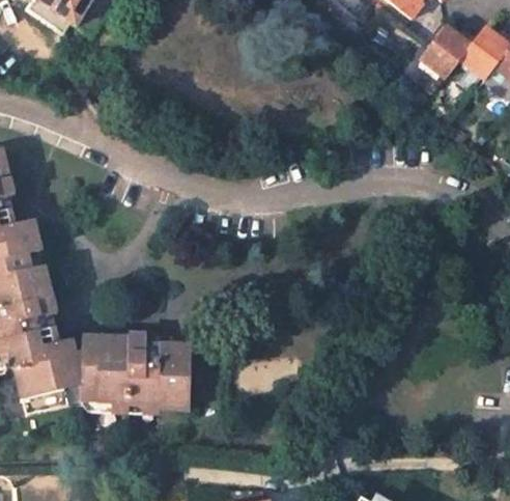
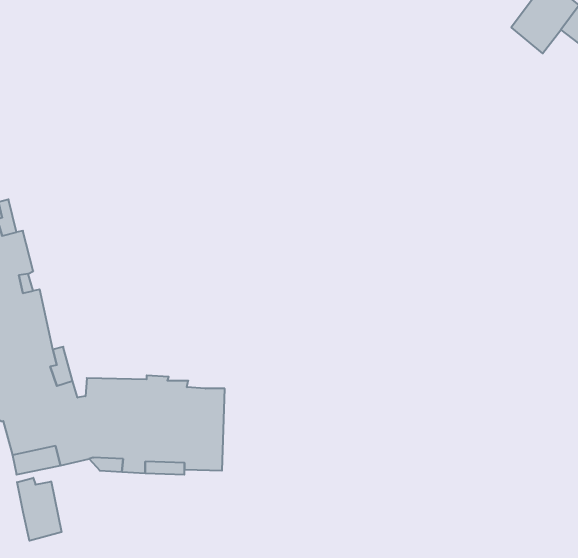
building: none -> [17,478,62,541]

